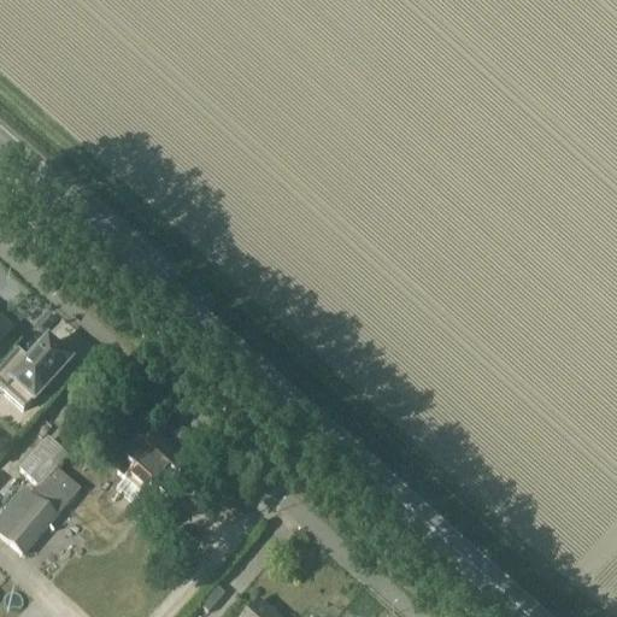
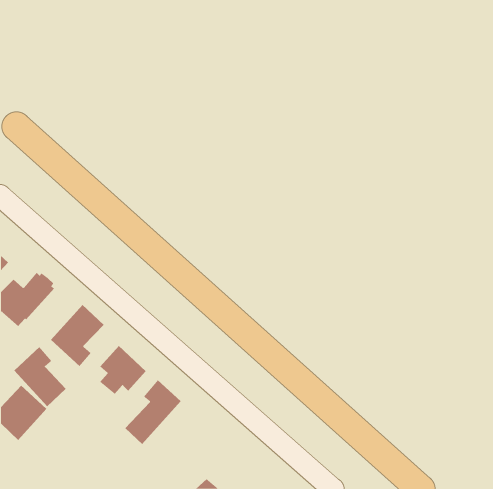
building: none -> [50,304,104,367]
building: none -> [125,380,182,445]

